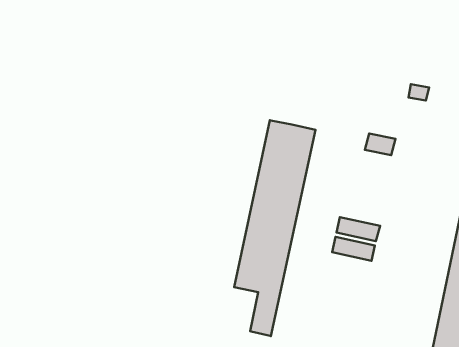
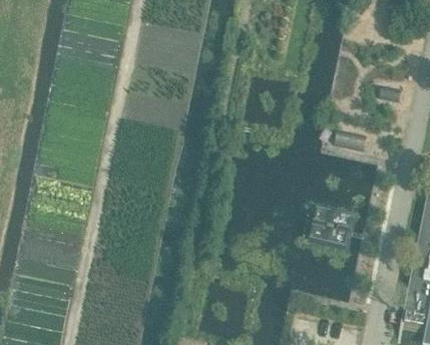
building: [234,120,316,336] -> none

